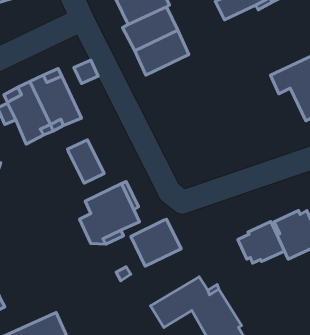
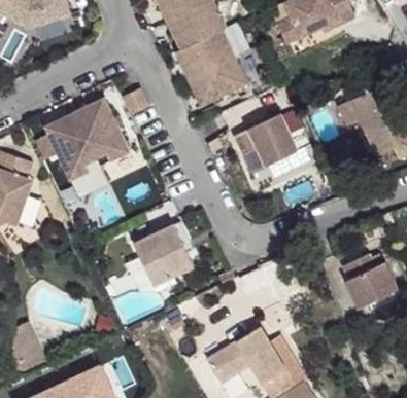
building: none -> [233,114,296,166]
building: [68,140,104,183] -> none
building: [131,219,181,266] -> none
building: [238,222,284,263] -> none

